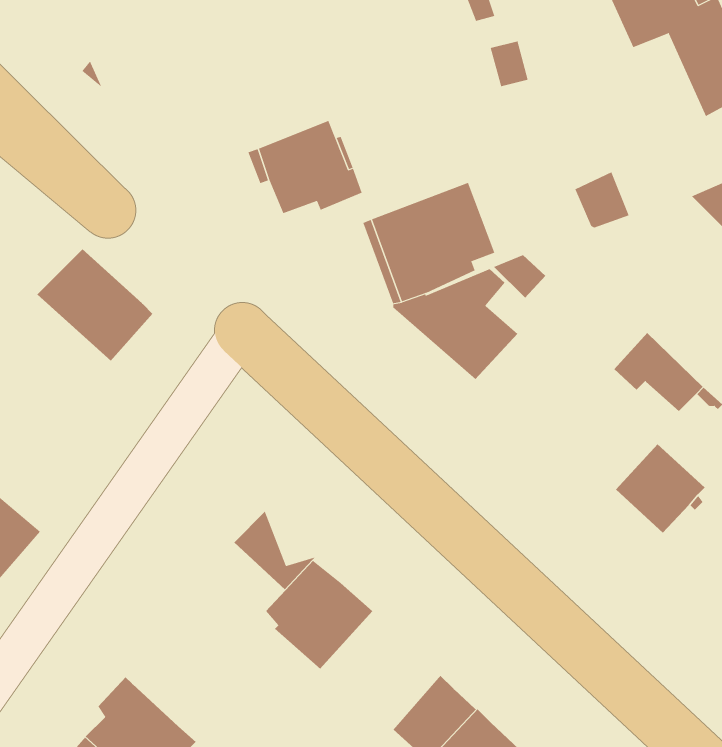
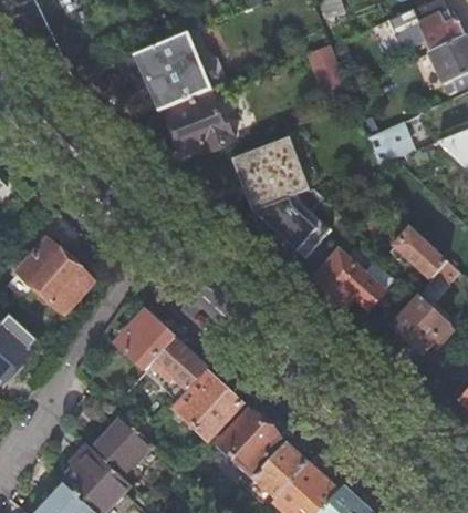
building: none -> [138,33,210,110]
building: [37,248,153,361] -> [18,240,91,311]
building: none -> [312,249,384,308]
building: none -> [115,312,174,370]
building: none -> [216,411,280,474]
building: none -> [91,415,152,474]

